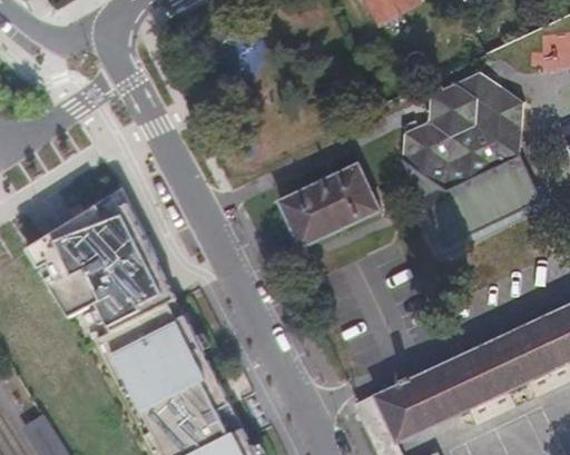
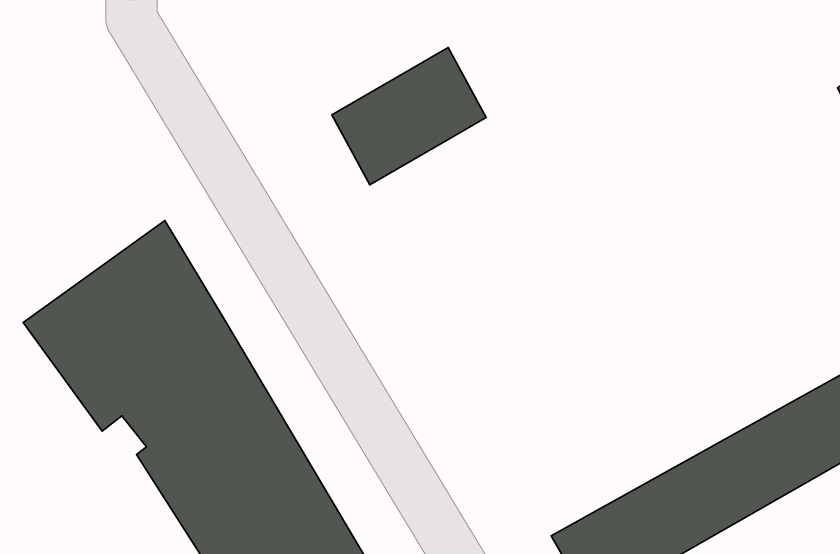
building: [401,72,523,189] -> none
building: [279,164,379,248] -> [332,48,486,185]

